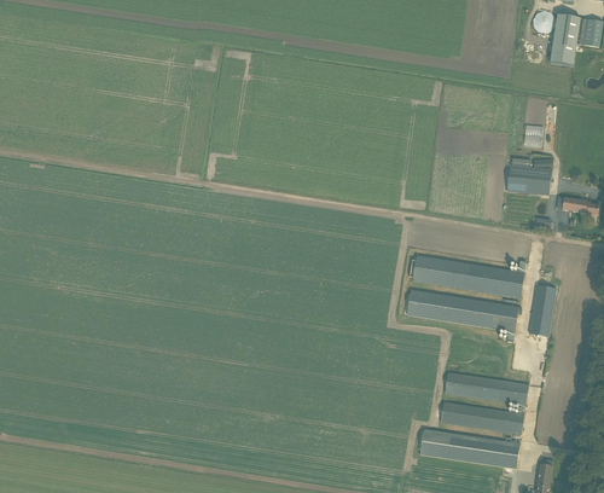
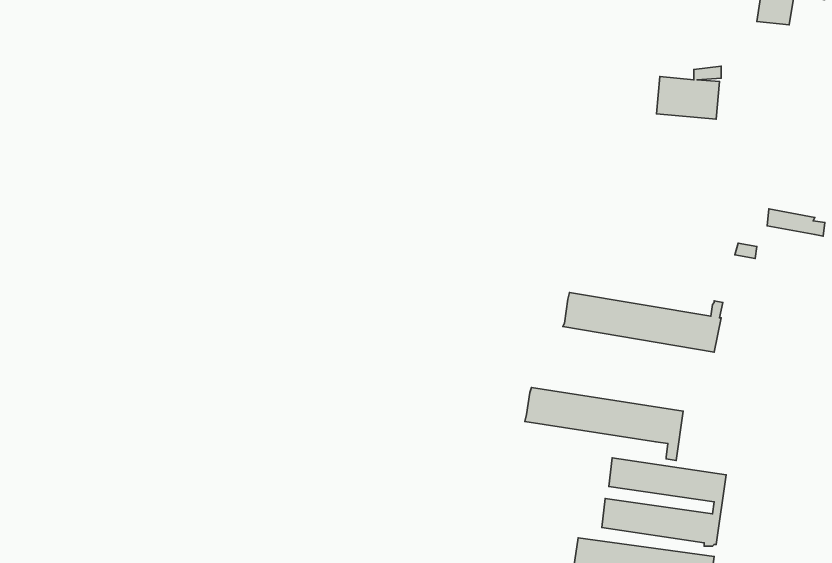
building: [506,157,552,195] -> [656,66,721,119]
building: [529,285,556,337] -> none
building: [406,290,518,342] -> [525,387,683,461]

